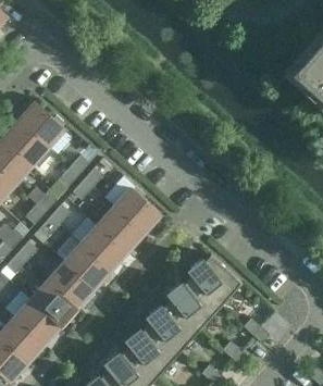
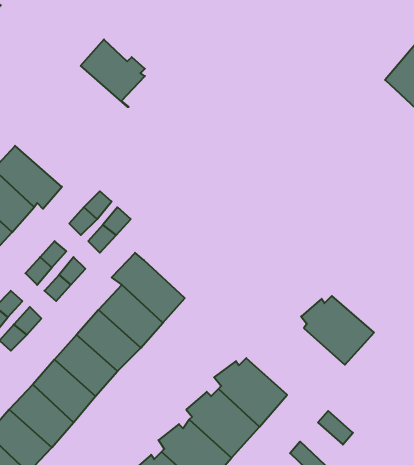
building: [16,102,64,152] -> [81,39,145,107]
building: [112,187,160,235] -> none
building: [186,256,240,307] -> [301,296,374,365]

